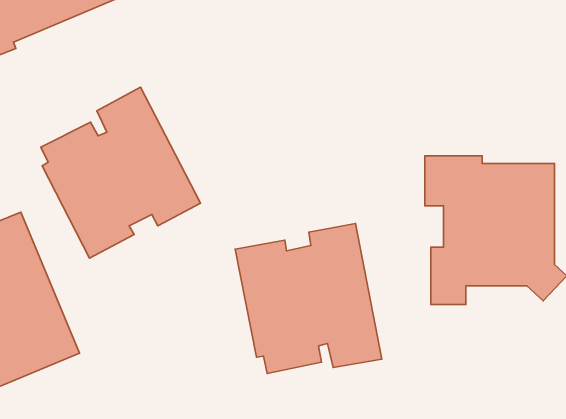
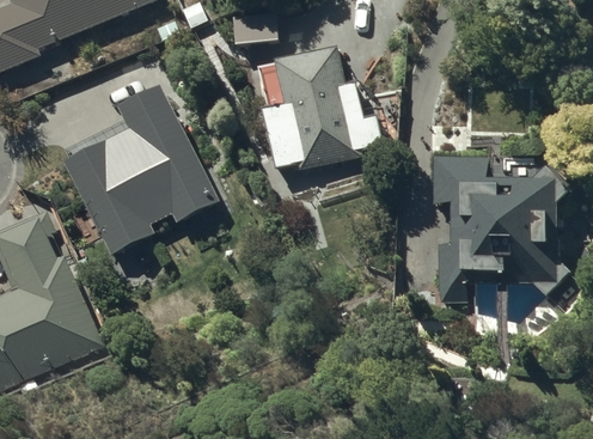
building: none -> [258,49,383,169]
building: [235,224,382,373] -> none

